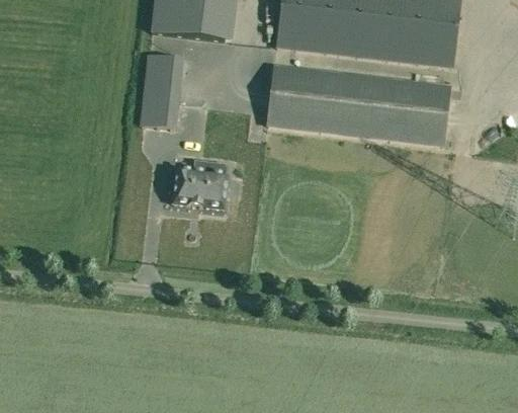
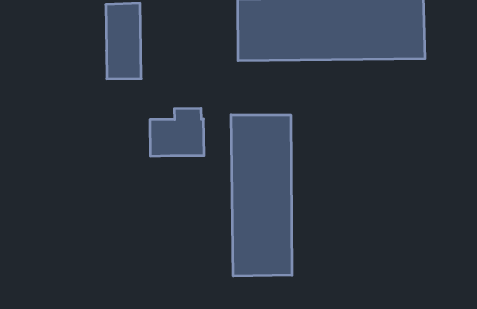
building: none -> [231,115,292,276]

